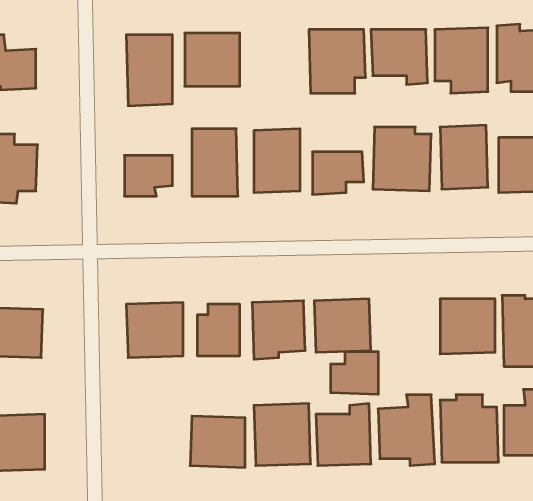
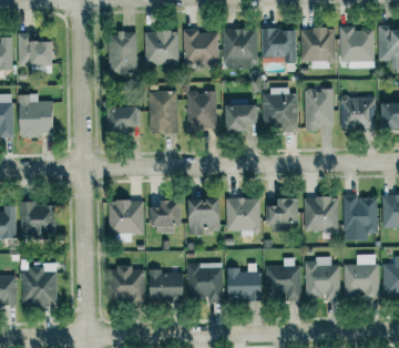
building: none -> [183,31,219,64]
building: [331,352,378,394] -> [268,198,298,225]
building: none -> [110,265,145,303]

